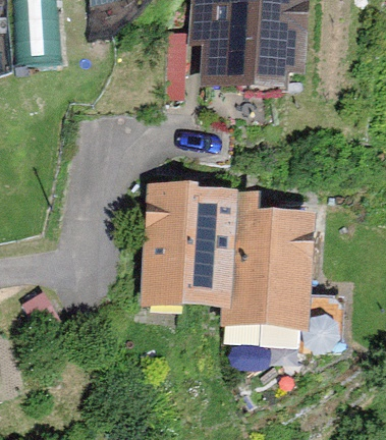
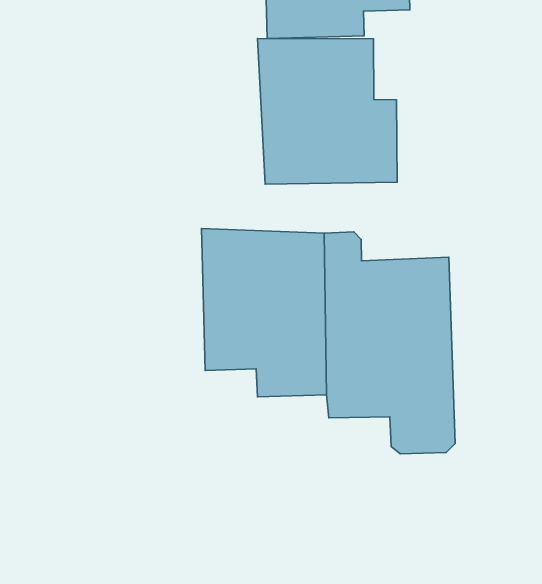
building: none -> [258,39,397,184]

